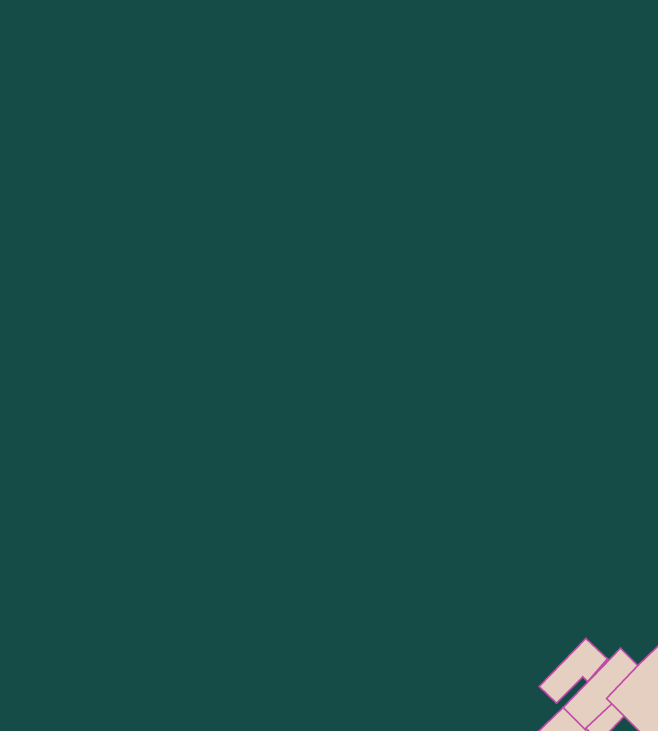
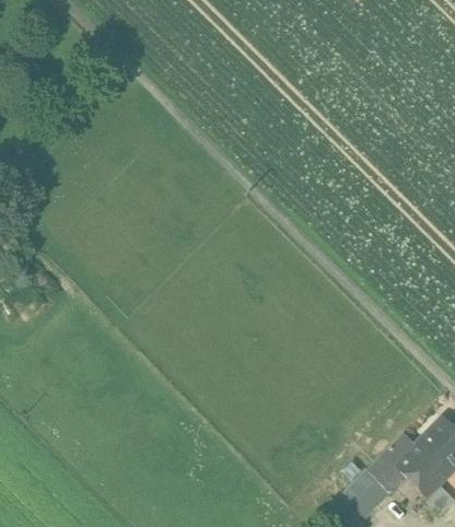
building: [539,638,608,703] -> none

